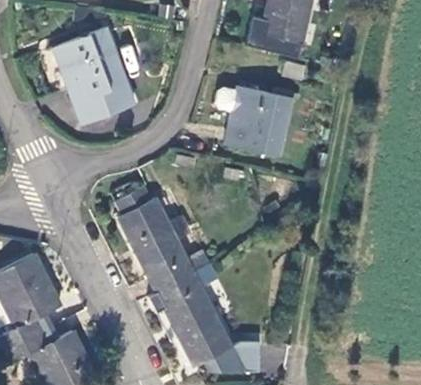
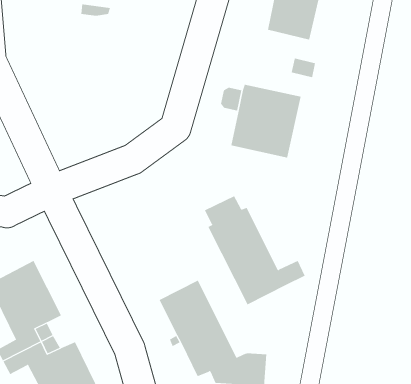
building: [52,27,133,125] -> none
building: [114,187,211,292] -> [204,196,305,305]

